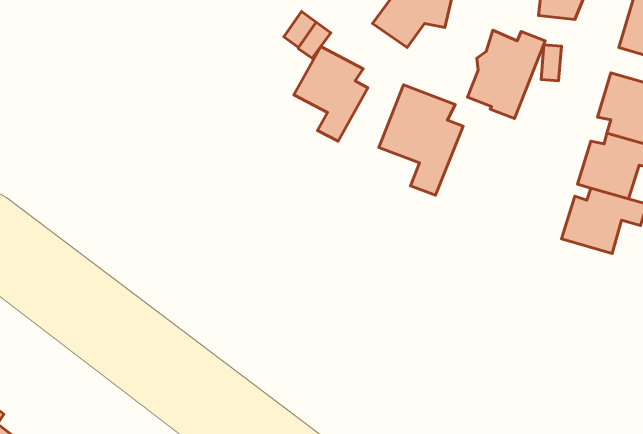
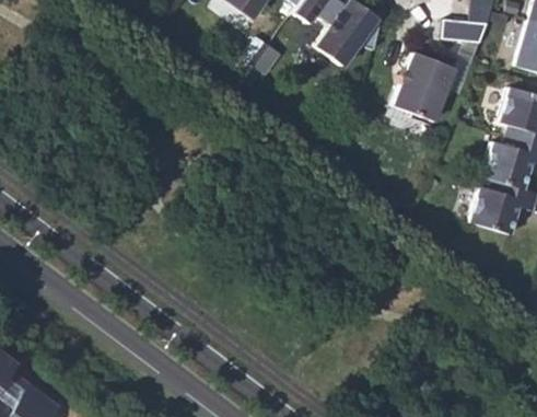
building: [294,46,368,141] -> none
building: [379,85,463,195] -> none

